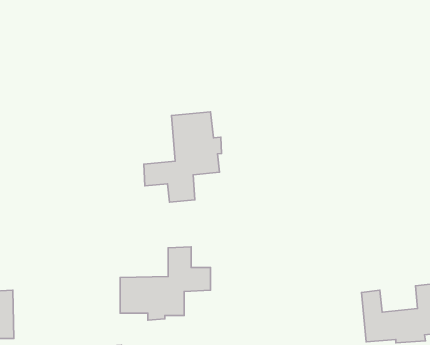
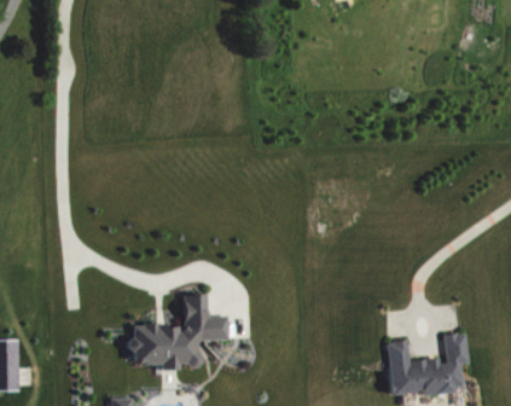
building: [144,112,221,202] -> none

